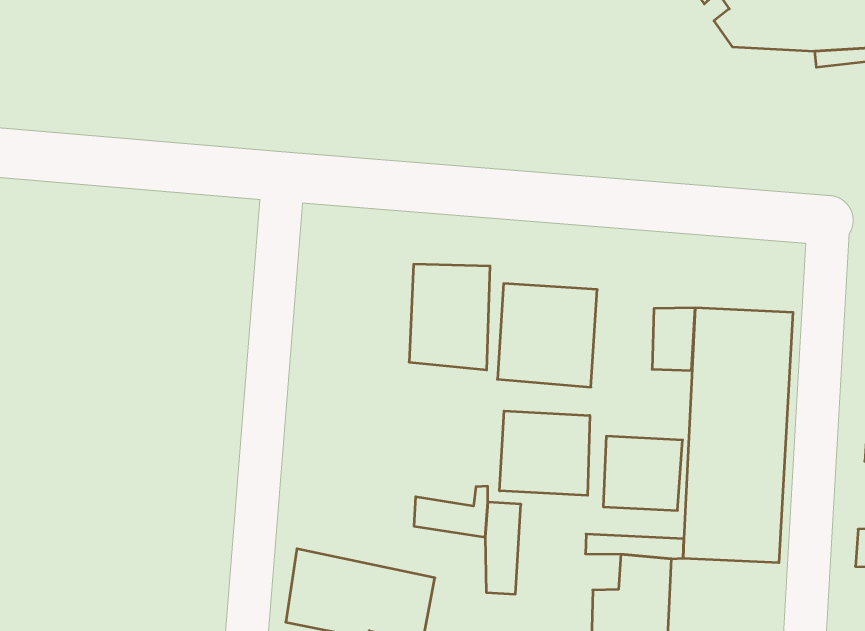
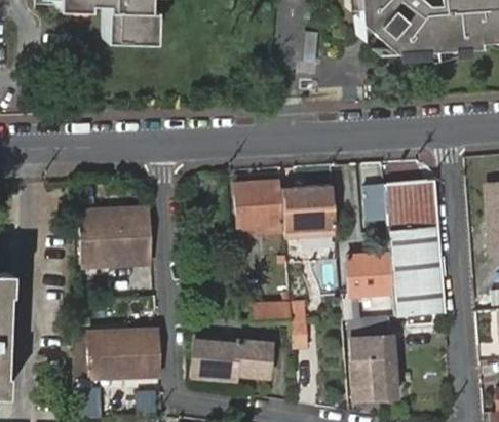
building: none -> [82,216,153,262]
building: [500,411,590,495] -> none
building: none -> [89,329,161,380]

